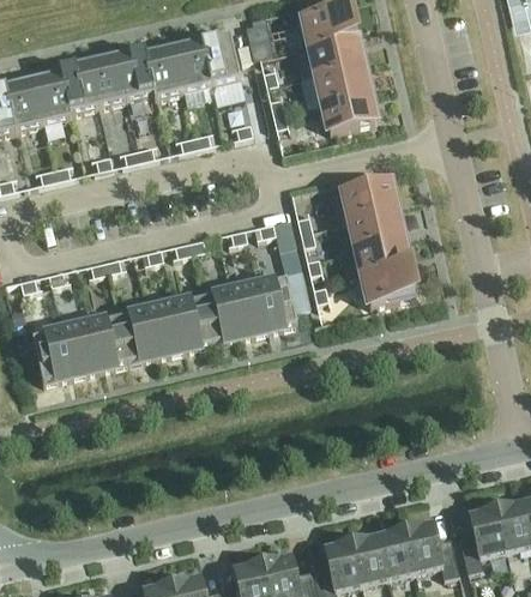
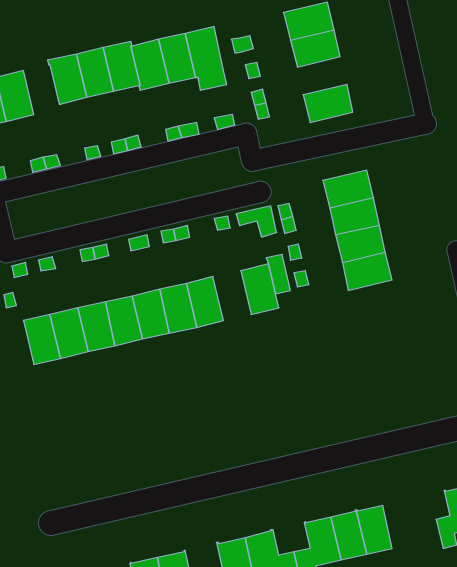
building: [301,61,368,104] -> none
building: [32,70,72,121] -> none
building: [229,283,268,334] -> none
building: [405,519,459,575] -> none

